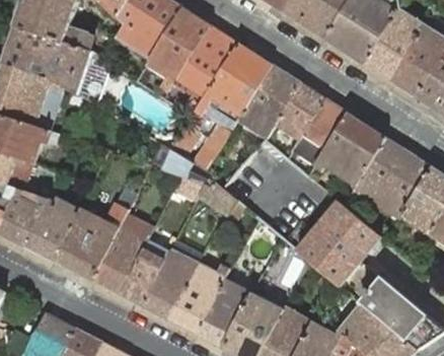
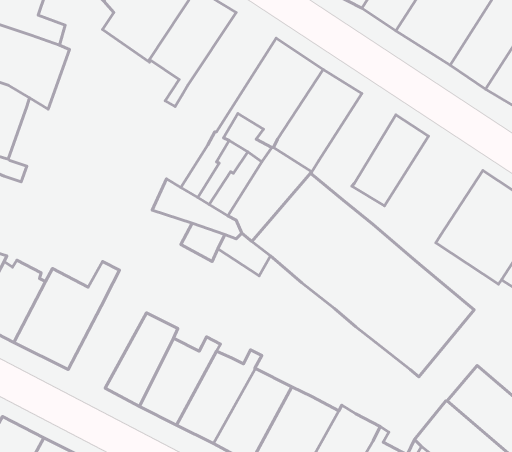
building: [171,24,238,110] -> none
building: [269,82,323,146] -> none
building: [313,113,385,184] -> none
building: [90,218,154,292] -> none

